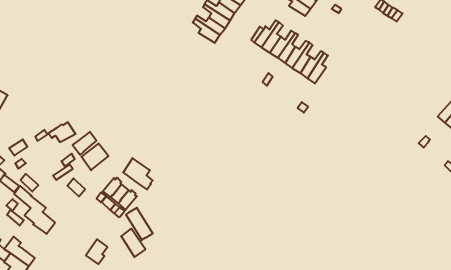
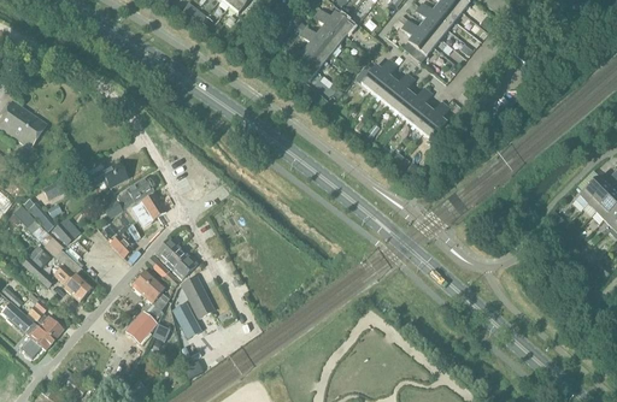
building: [123,158,153,190] -> [134,267,170,308]

